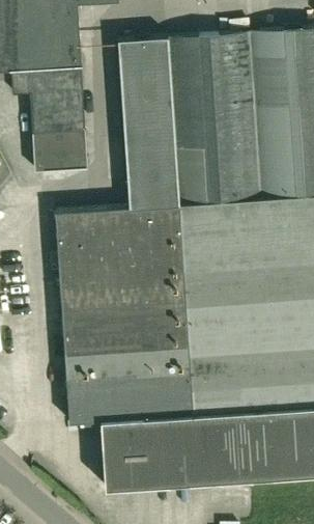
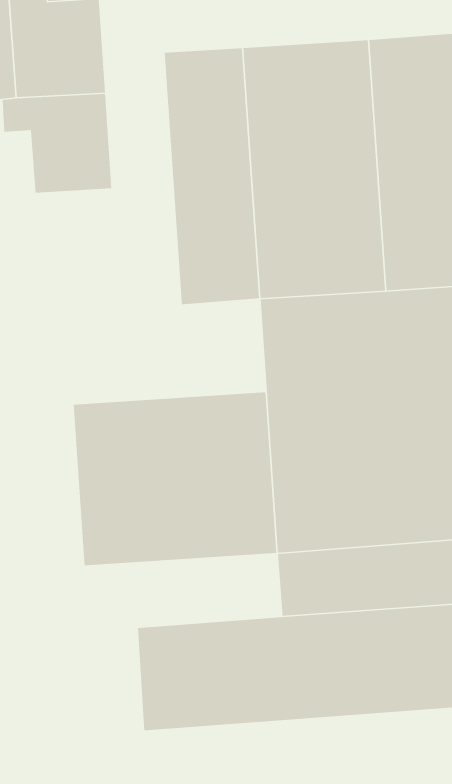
building: [32,130,87,171] -> none
building: [54,202,185,272] -> none
building: [65,370,196,421] -> none

